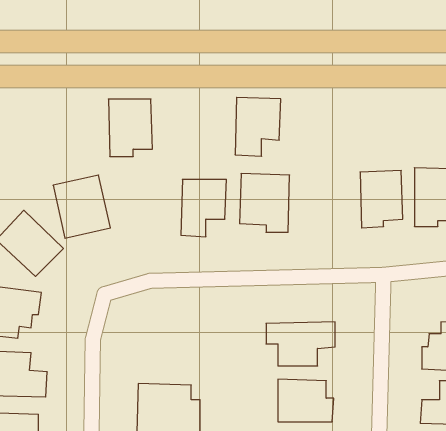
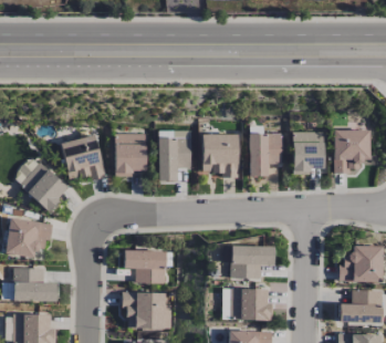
building: [235,97,281,156] -> [248,133,282,177]
building: [108,99,152,156] -> [114,134,147,177]
building: none -> [123,250,166,283]

